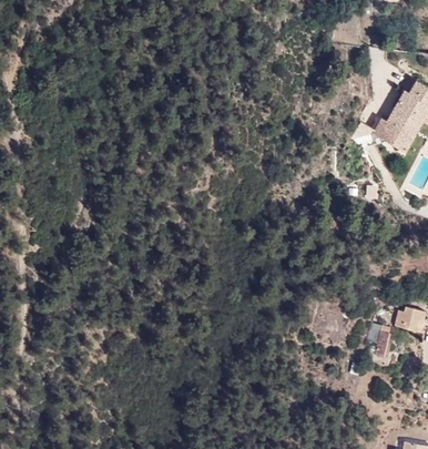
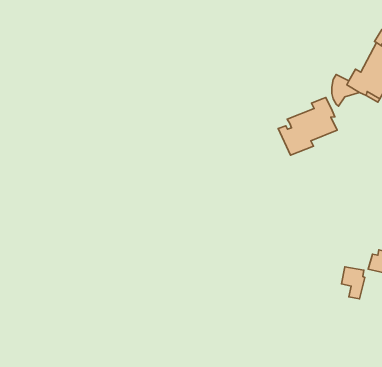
building: none -> [278,98,337,155]

